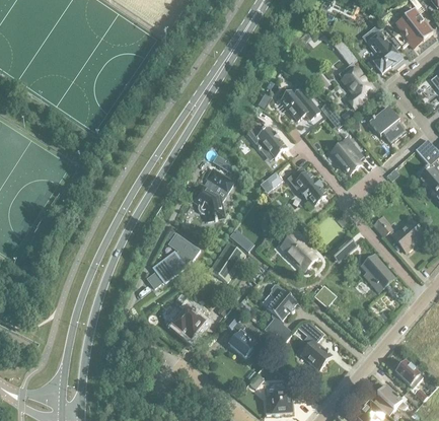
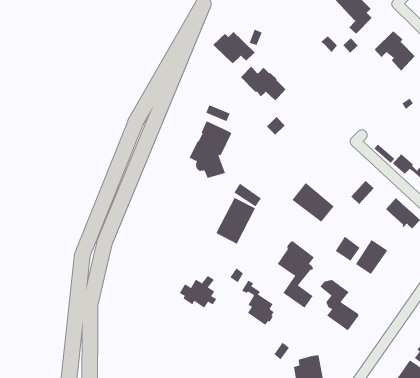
building: [281,90,318,120] -> [212,31,255,64]
building: [332,137,363,174] -> none
building: [292,167,325,204] -> none
building: [145,232,199,288] -> none
building: none -> [355,239,388,275]

